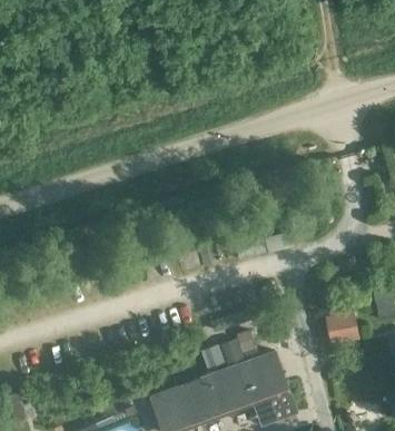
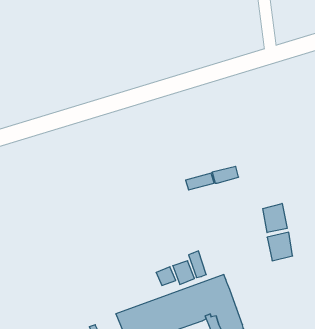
building: none -> [263,203,287,233]

